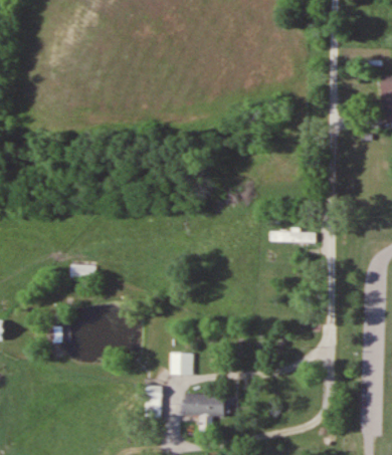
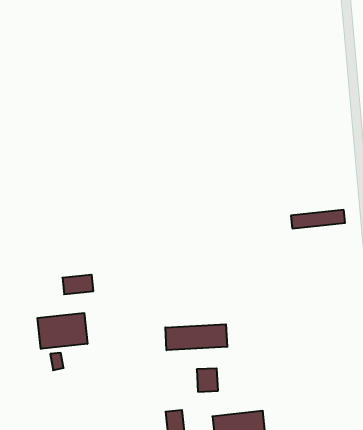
building: none -> [38,313,87,349]
building: none -> [165,324,227,350]

